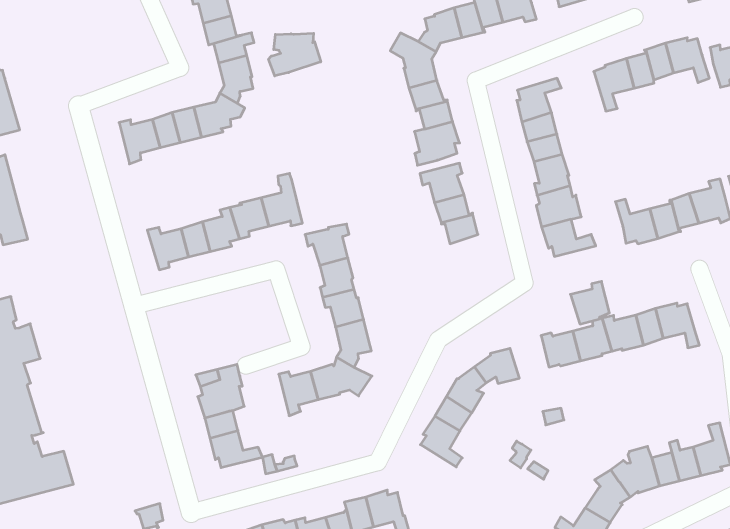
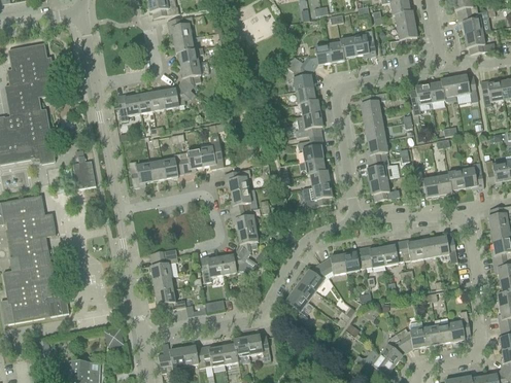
building: [269,33,321,76] -> none
building: none -> [72,154,96,187]
building: none -> [302,182,332,207]
building: [570,281,609,324] -> [342,247,365,272]

